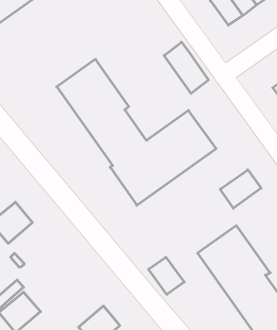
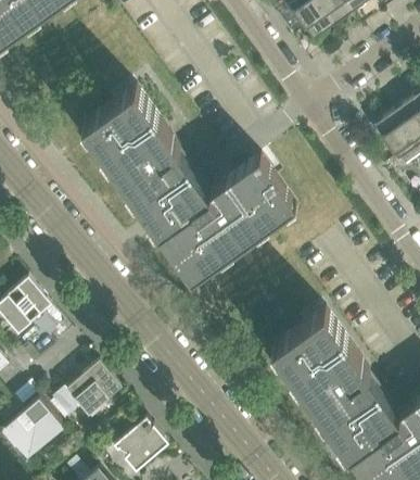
building: [164,42,208,93] -> none
building: [220,170,261,208] -> none
building: [149,257,184,294] -> none
building: none -> [66,361,122,415]

